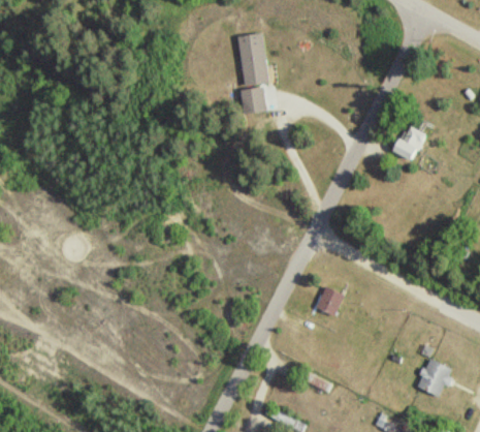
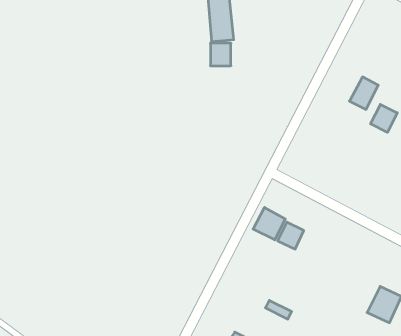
building: none -> [371,104,397,132]
building: none -> [253,207,285,240]

